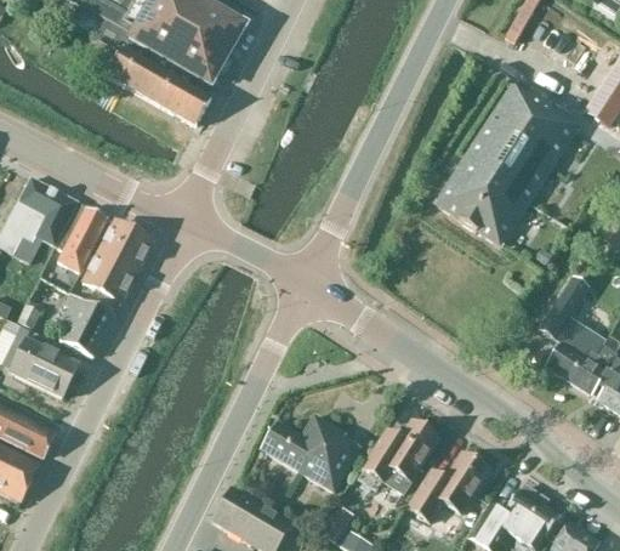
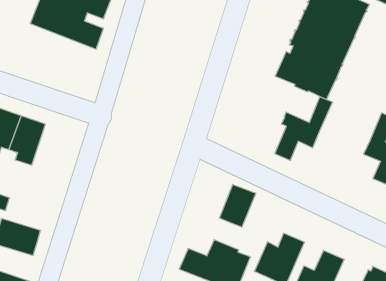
building: [83,220,152,301] -> none
building: none -> [275,97,333,161]
building: [59,291,114,356] -> none
building: none -> [219,184,256,227]

